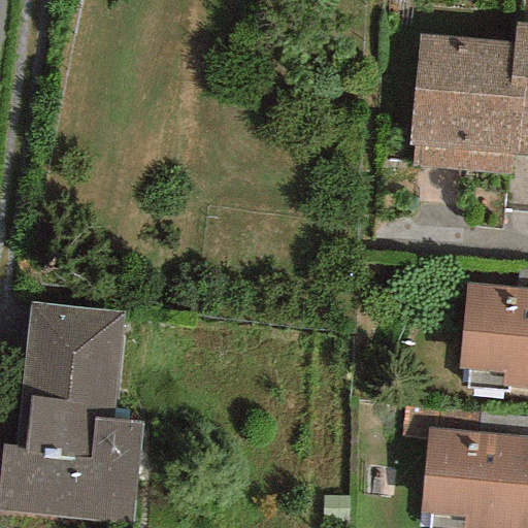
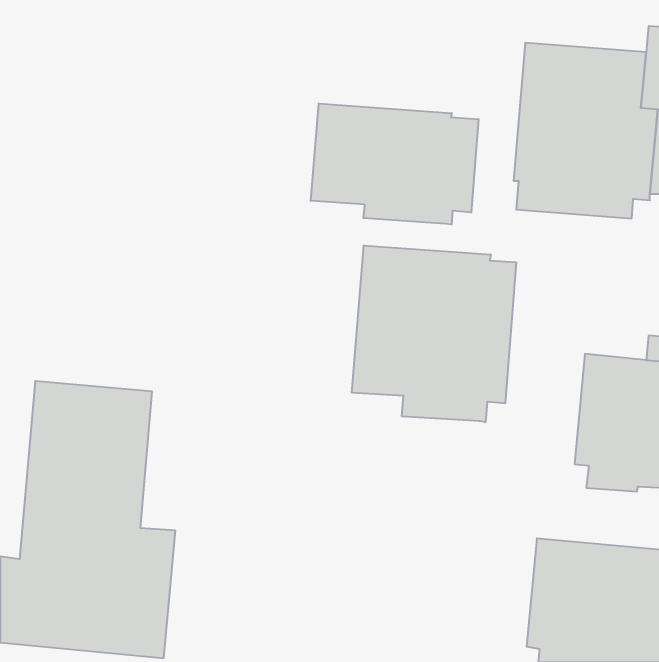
building: none -> [311,103,479,225]
building: none -> [352,245,516,422]

